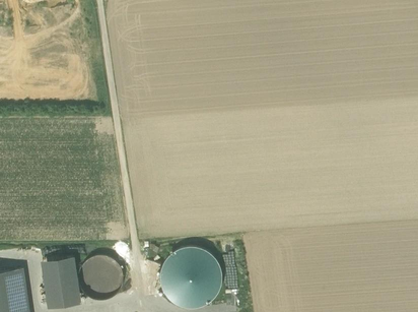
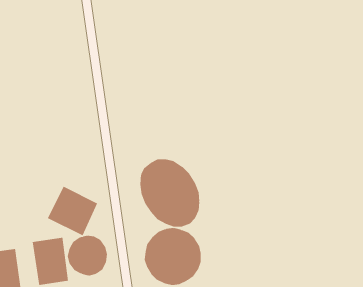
building: none -> [140,158,200,228]
building: none -> [47,186,98,236]

